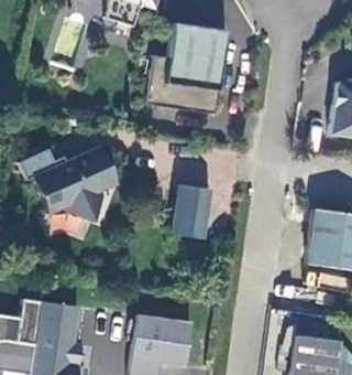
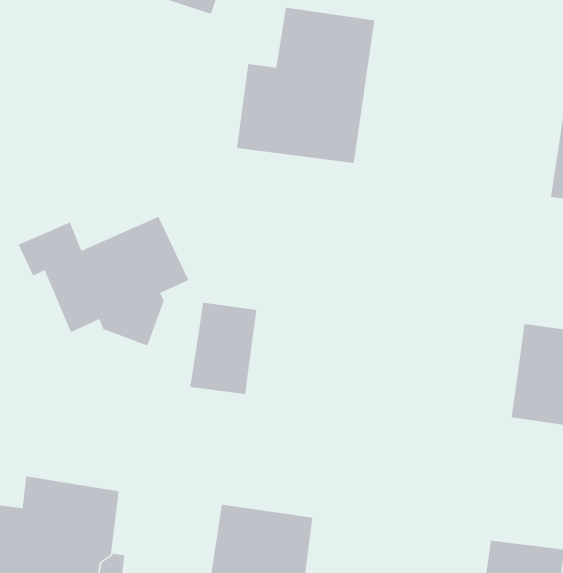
building: [172,184,211,238] -> [189,302,257,395]

